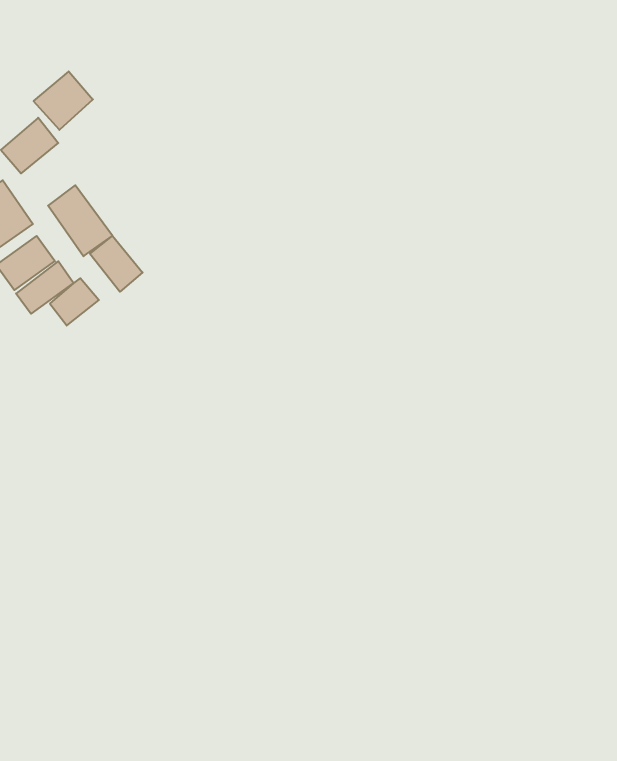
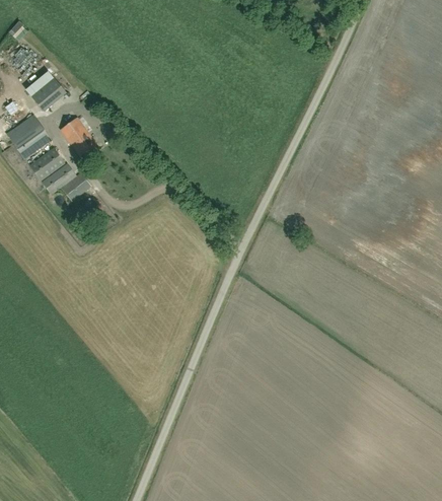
building: [34,71,93,130] -> none
building: [90,236,143,292] -> none

